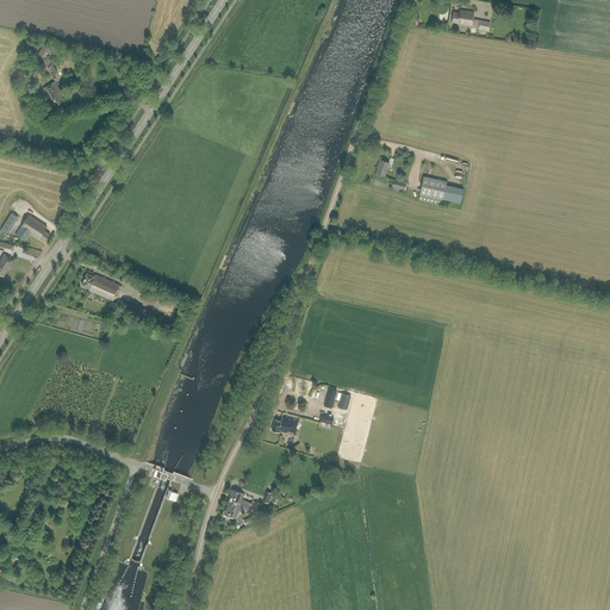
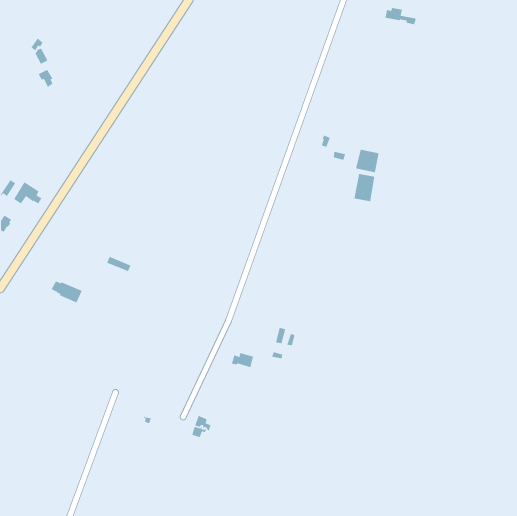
building: none -> [353,173,375,202]
building: [82,272,120,299] -> [50,280,83,304]

